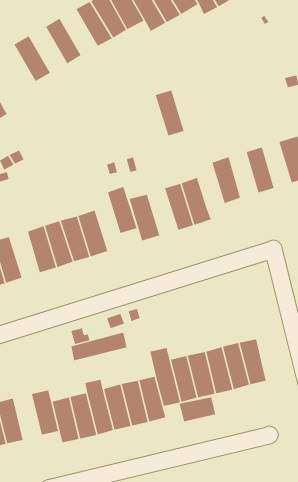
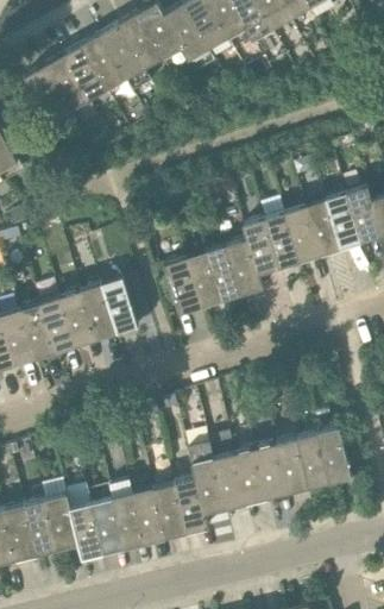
building: none -> [78,34,124,90]
building: none -> [42,56,87,112]
building: [155,90,185,136] -> [241,220,277,276]
building: none -> [323,195,358,251]
building: none -> [283,207,317,263]
building: [107,186,138,233] -> [184,251,221,308]
building: none -> [18,303,53,359]
building: [71,332,127,361] -> none
building: none -> [316,428,350,484]
building: none -> [23,500,56,555]
building: [179,397,216,422] -> none

